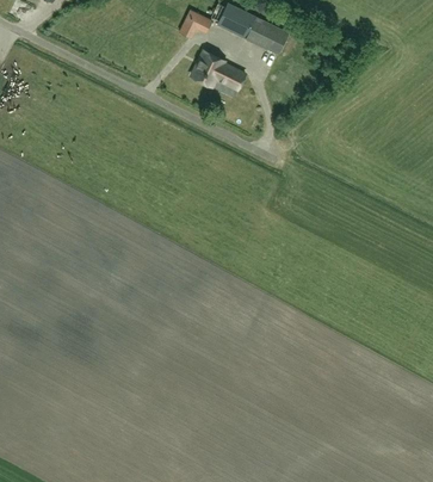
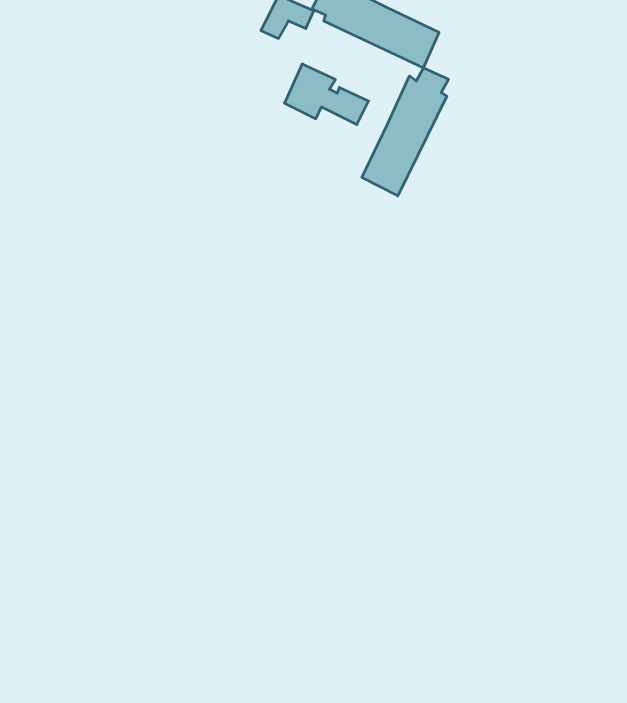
building: none -> [362,68,448,196]

